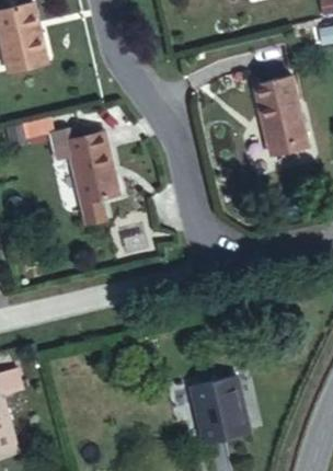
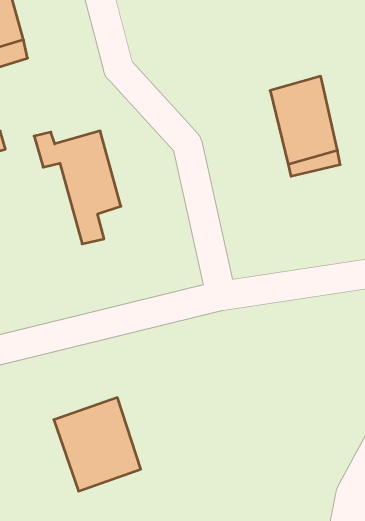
building: [175,369,249,448] -> [54,398,141,491]

